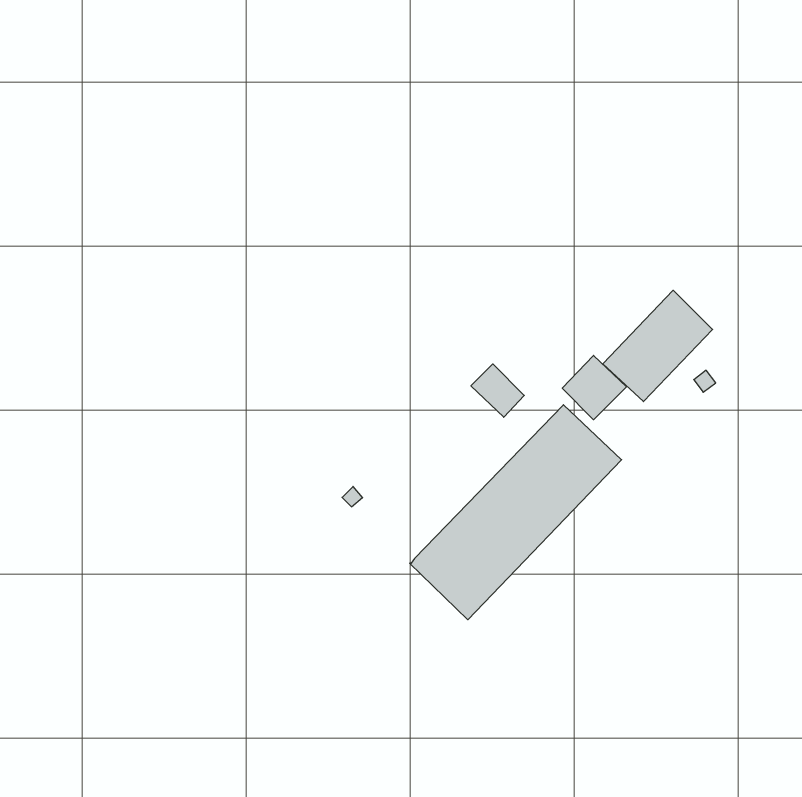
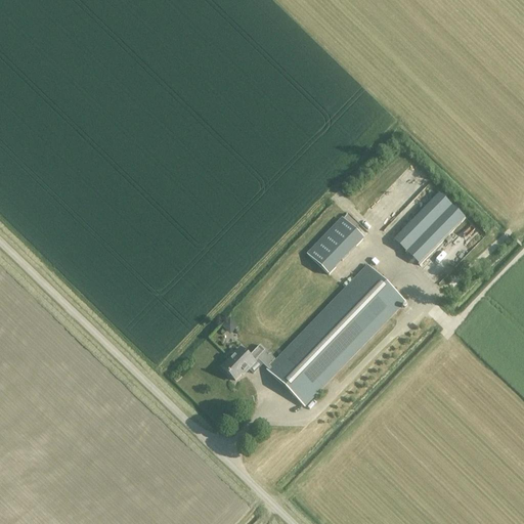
building: [562,355,627,420] -> [321,216,363,258]
building: none -> [222,343,275,379]

